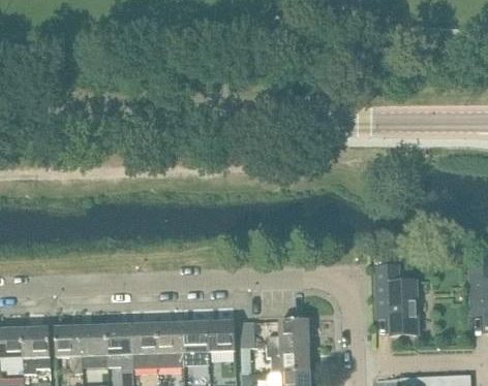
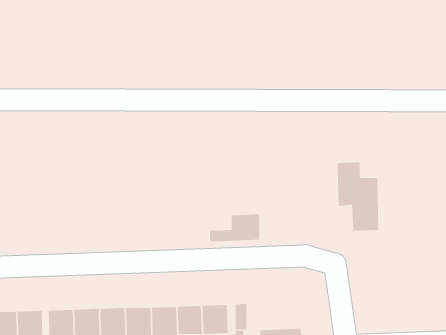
building: [374,265,417,334] -> [337,162,379,231]
building: [257,320,308,348] -> [209,214,260,242]

